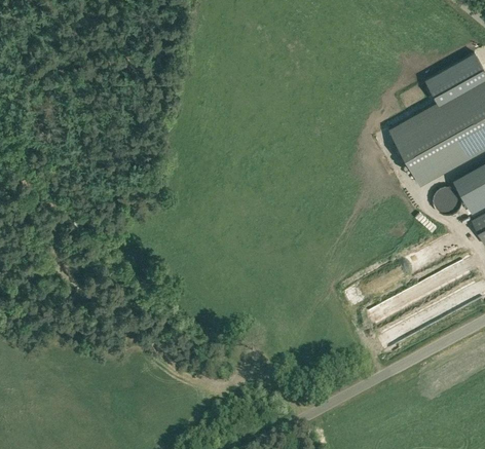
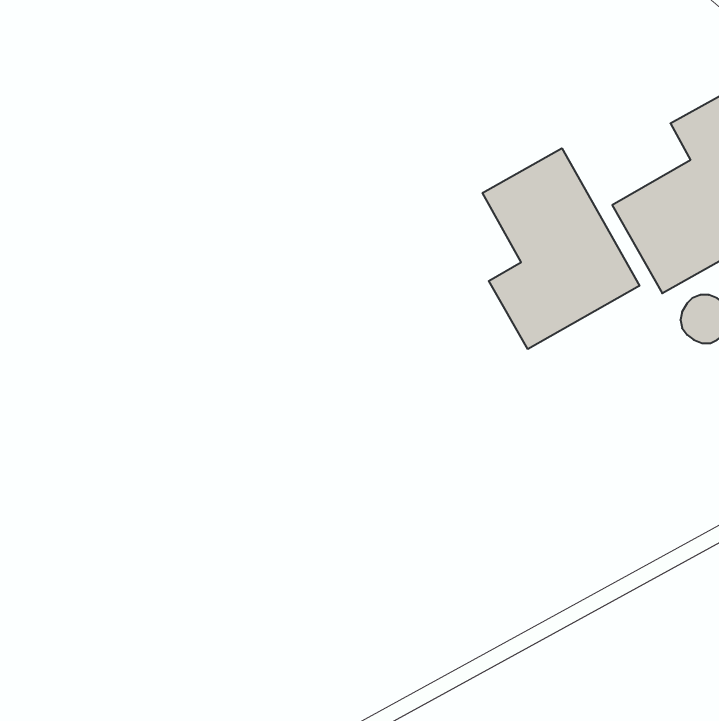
building: none -> [483,148,639,349]

